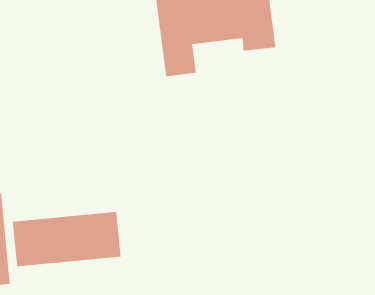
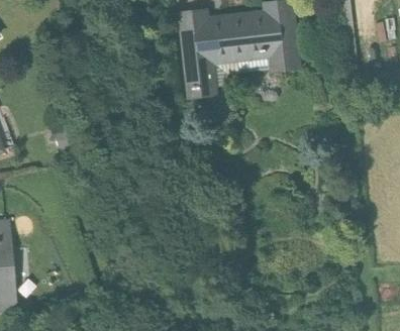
building: [12,211,121,267] -> none

